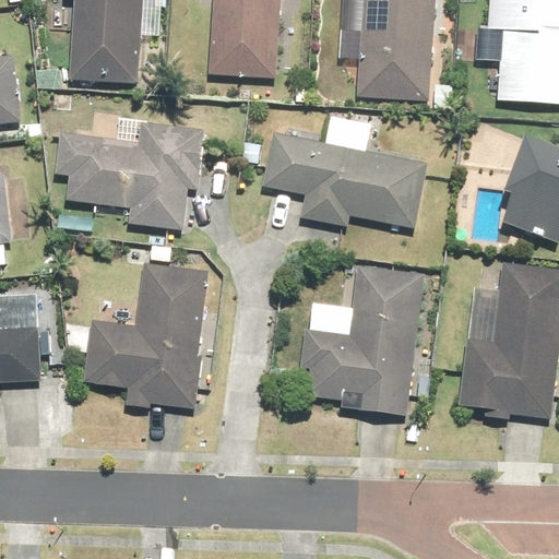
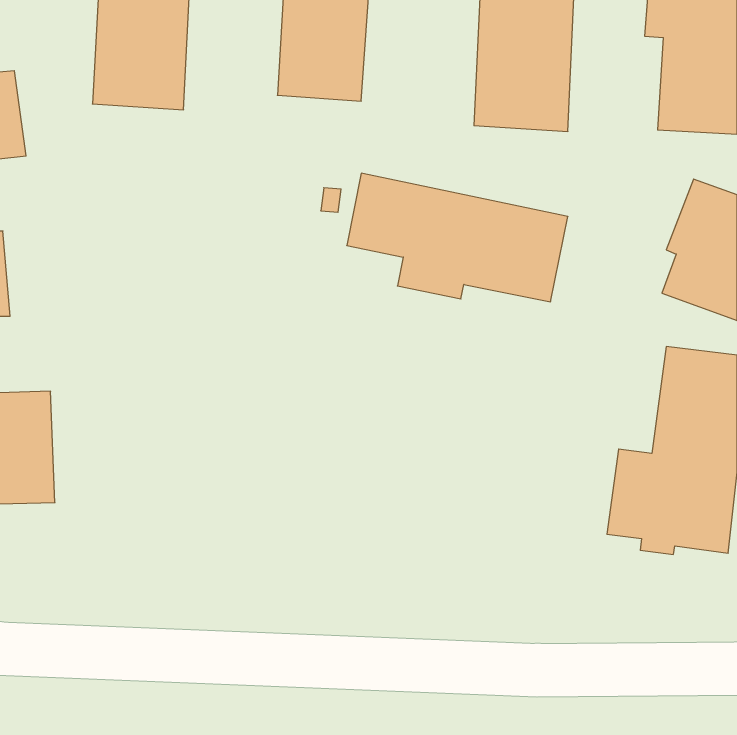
building: [57,122,205,228] -> none
building: [81,261,207,406] -> none
building: [301,266,423,416] -> none

